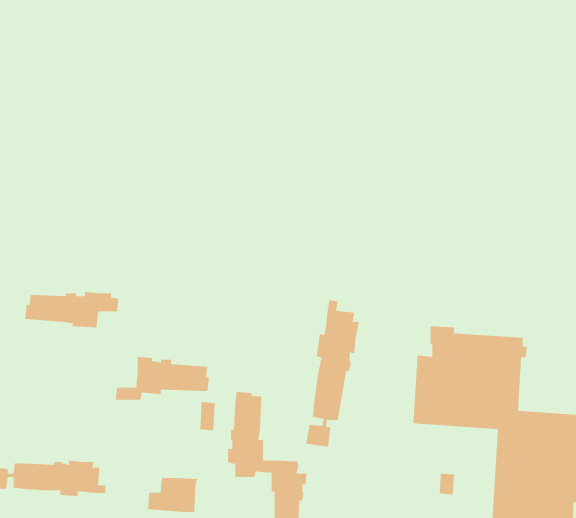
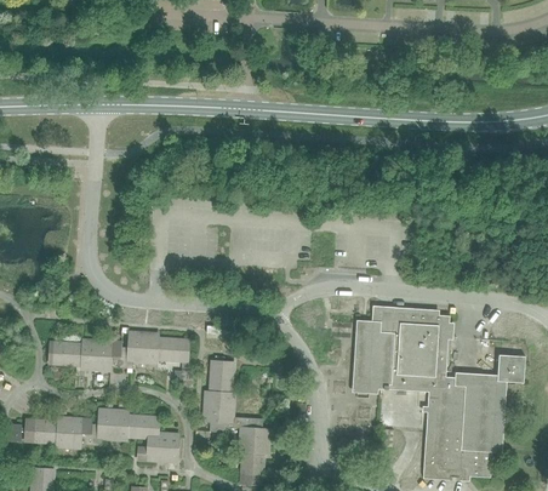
building: [24,291,119,328] -> [48,339,127,370]
building: [306,299,360,447] -> none
building: none -> [96,409,158,439]

